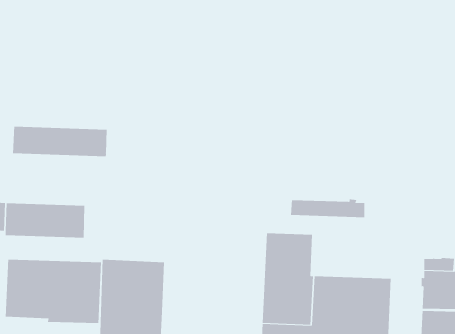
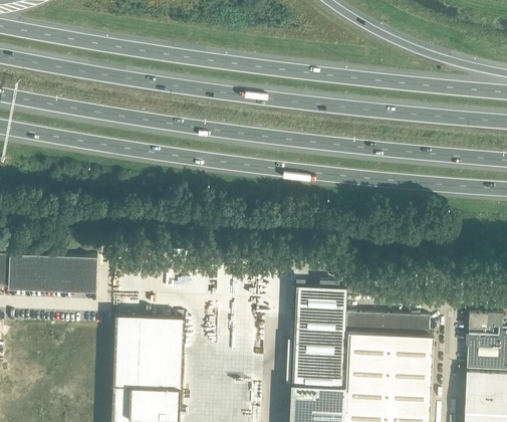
building: [12,126,107,157] -> none
building: [290,199,365,218] -> [346,313,429,335]
building: [5,259,102,324] -> none

